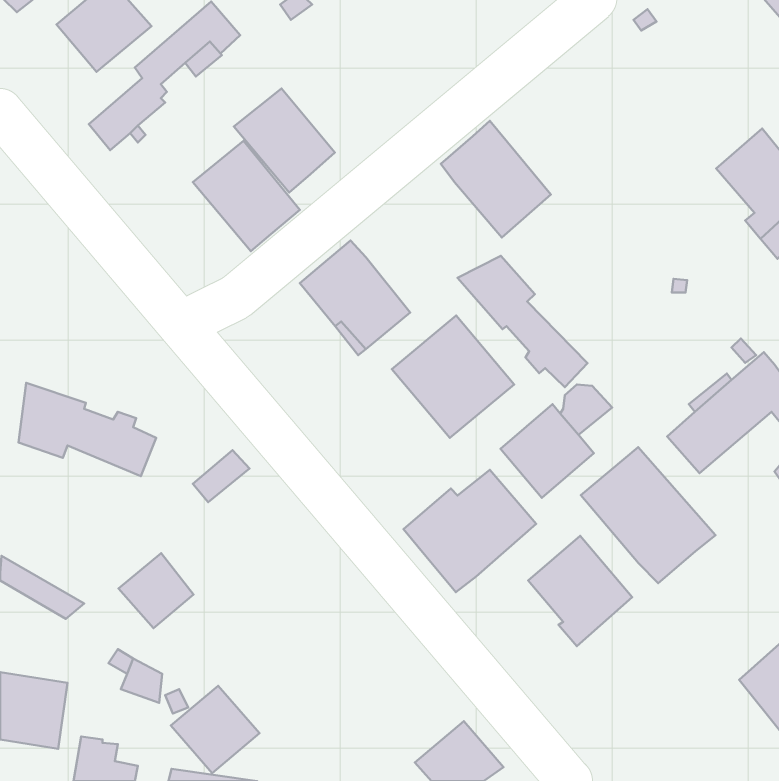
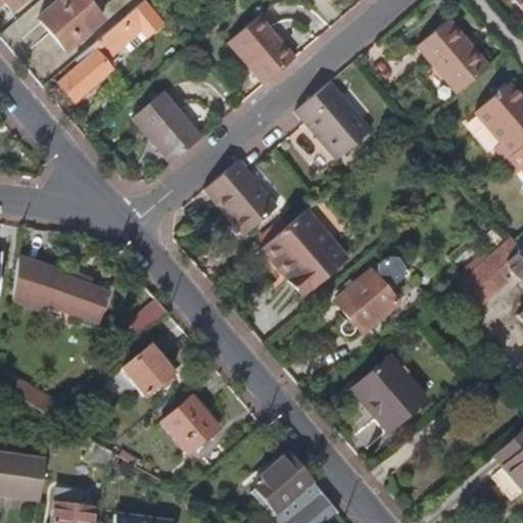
building: none -> [419,20,487,95]
building: [234,88,335,192] -> [228,16,295,86]
building: [457,256,588,387] -> none
building: [581,447,715,583] -> none
building: [404,470,536,592] -> none
building: [118,553,193,628] -> [126,341,176,391]
building: none -> [255,454,312,509]
building: [171,686,259,773] -> [160,395,220,454]

